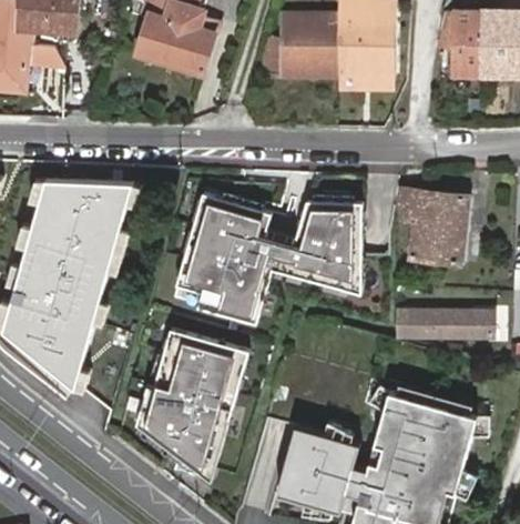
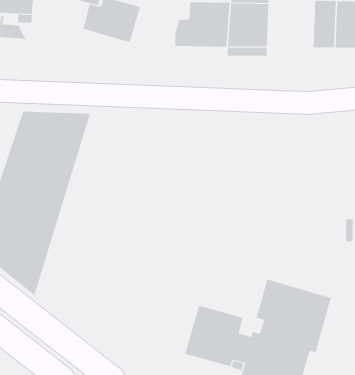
building: [175,189,360,321] -> none
building: [398,189,467,263] -> none
building: [392,312,490,337] -> none
building: [136,324,248,477] -> none

